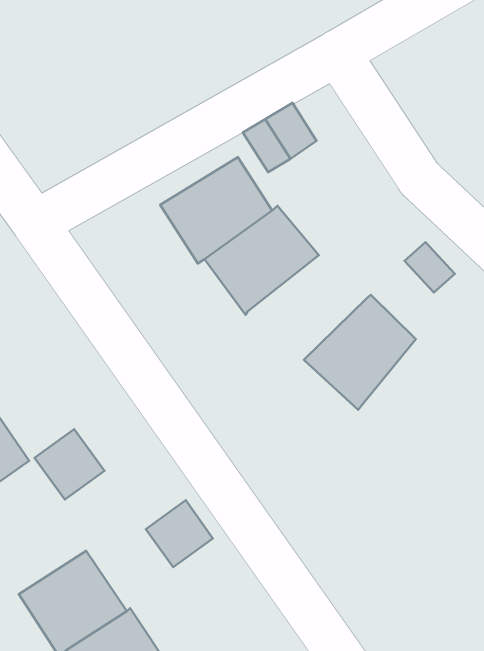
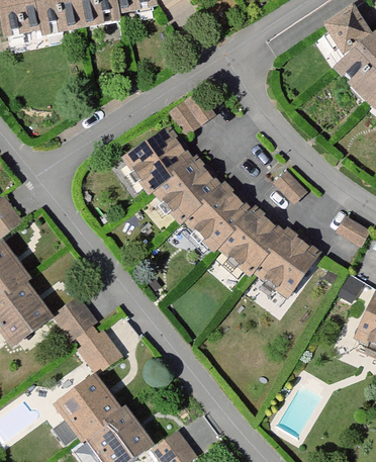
building: none -> [180,179,253,250]
building: none -> [254,226,318,297]
building: [146,500,213,567] -> [79,331,120,372]

